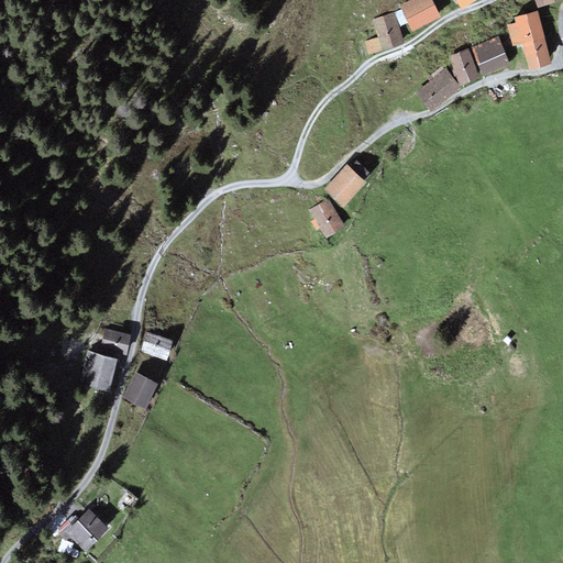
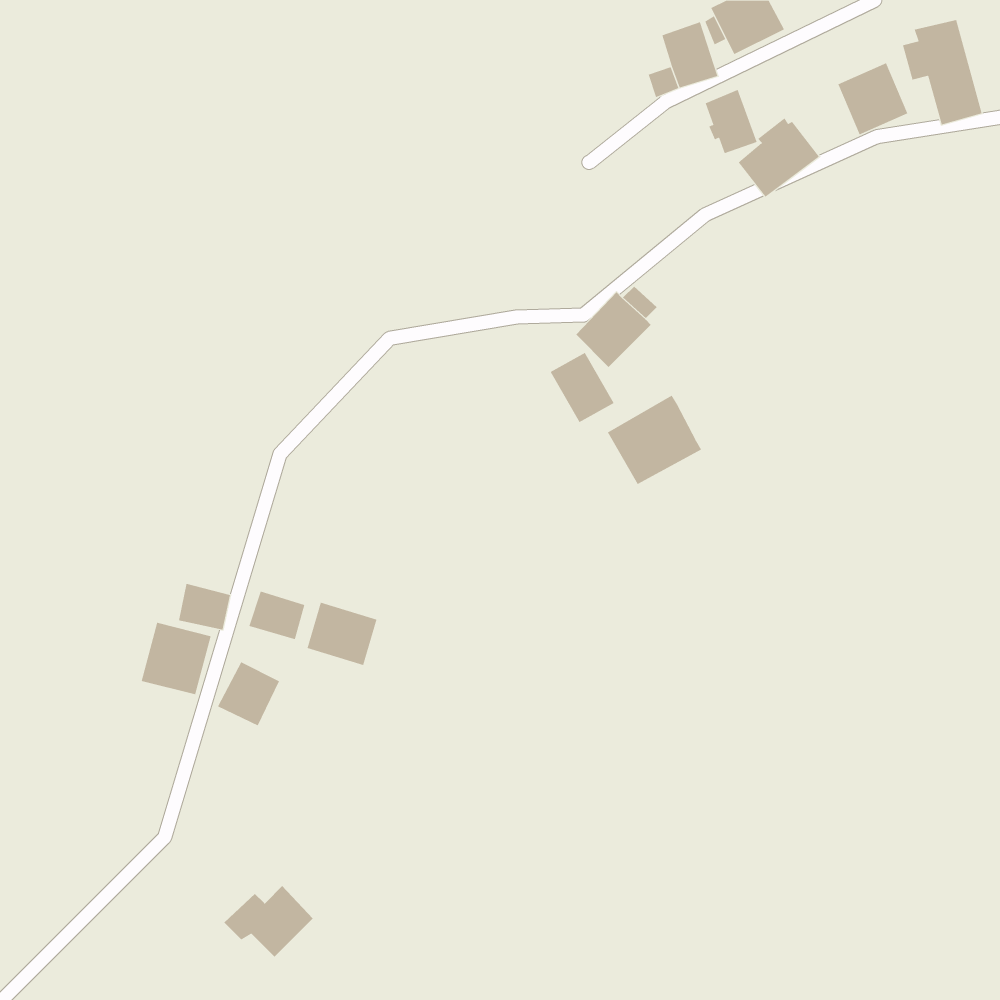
building: [449,48,478,85] -> [705,89,758,154]
building: none -> [607,395,702,485]
building: none -> [307,602,377,666]
building: [56,509,107,550] -> [224,885,314,958]

